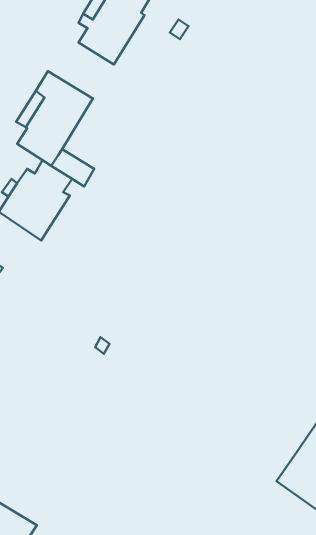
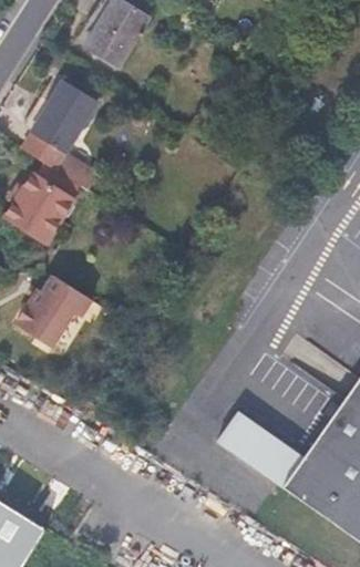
building: none -> [12,274,92,355]
building: none -> [217,411,305,487]

